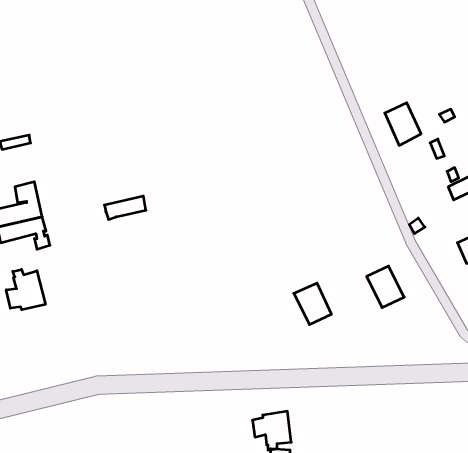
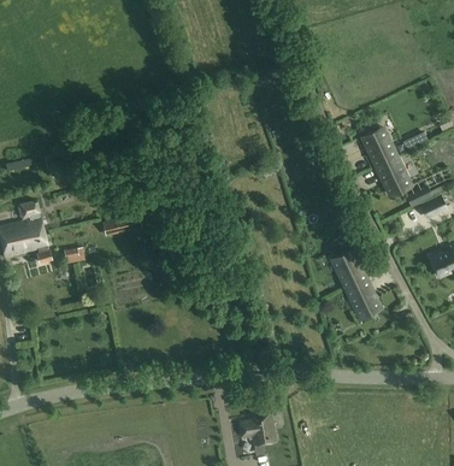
building: none -> [376,157,411,196]
building: [6,269,45,310] -> none
building: [294,283,331,325] -> [331,250,366,289]

